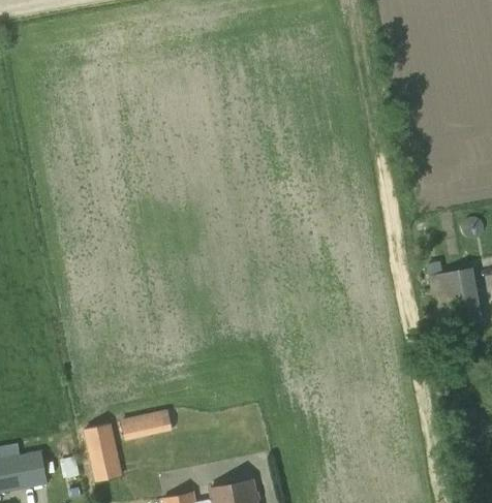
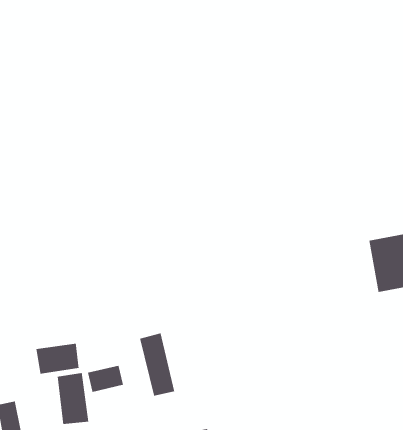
building: none -> [139,332,175,396]
building: none -> [36,343,79,375]

